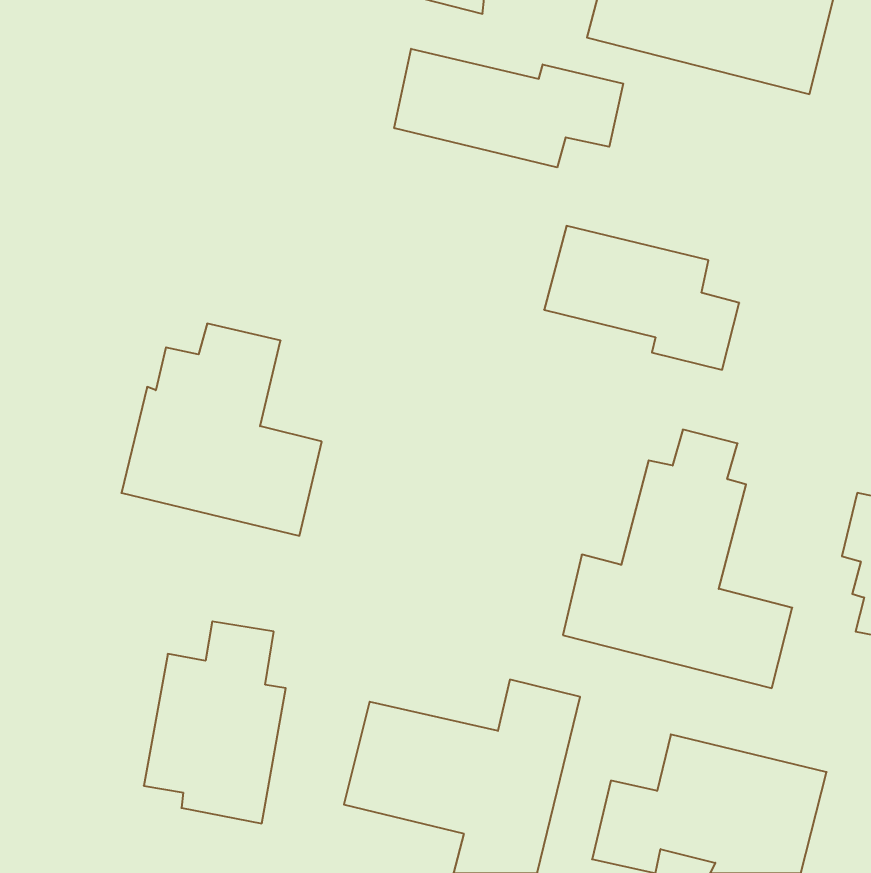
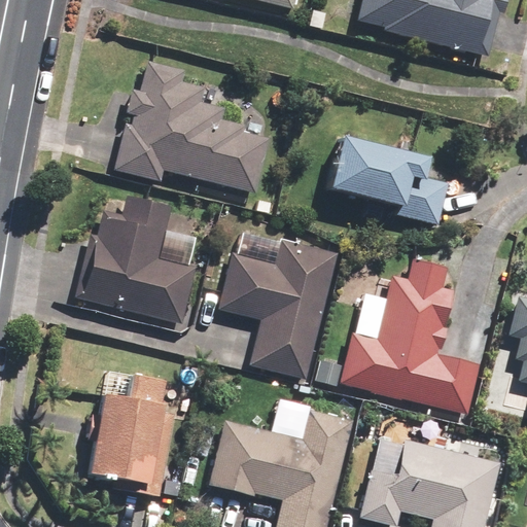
building: [394,49,623,167] -> none
building: none -> [114,61,268,192]
building: none -> [218,240,337,378]

